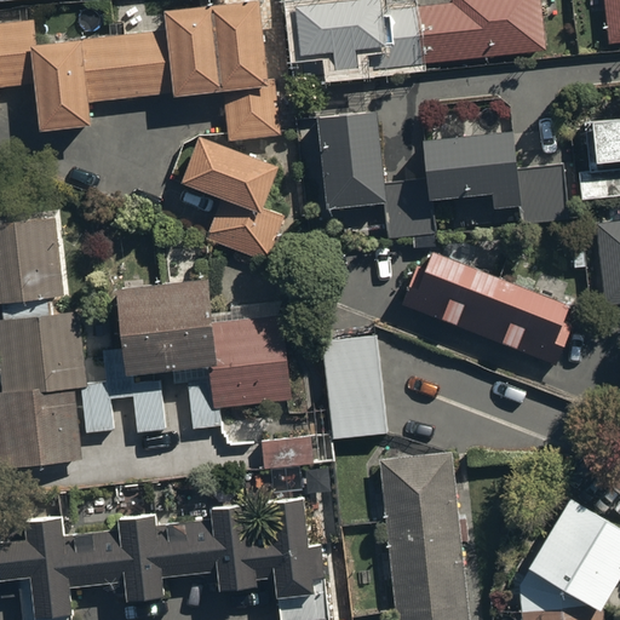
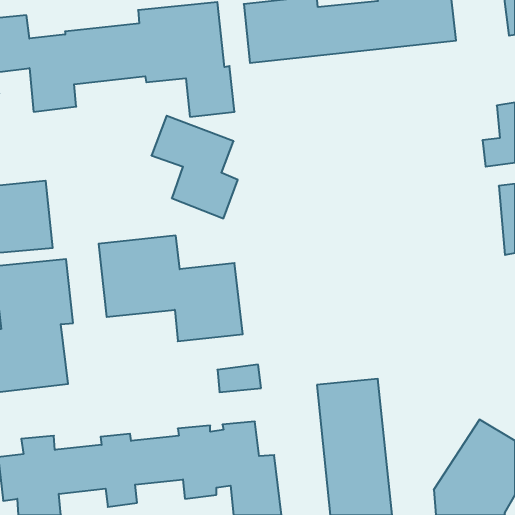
building: [317,114,567,236] -> none
building: [401,254,569,363] -> none
building: [320,334,386,440] -> none

